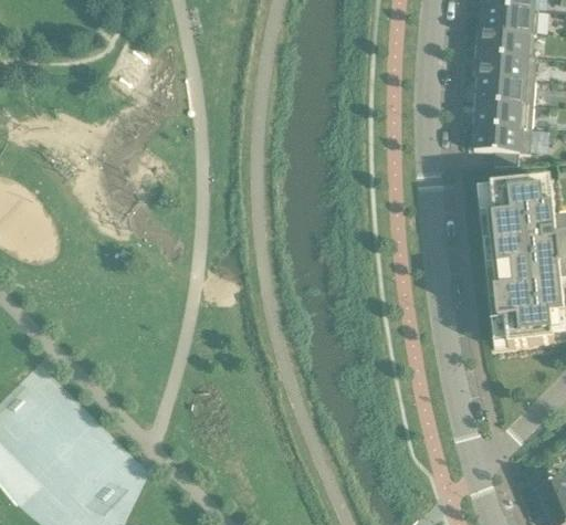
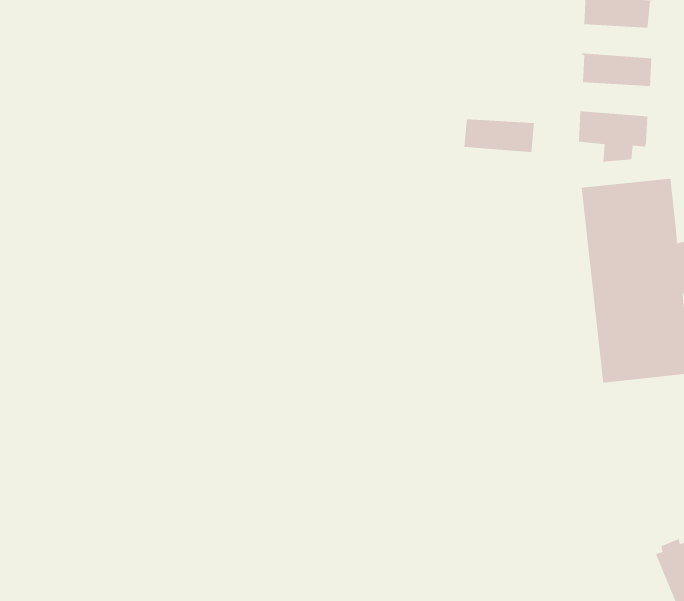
building: [476,49,537,76] -> none
building: [475,96,534,124] -> [463,119,535,152]

